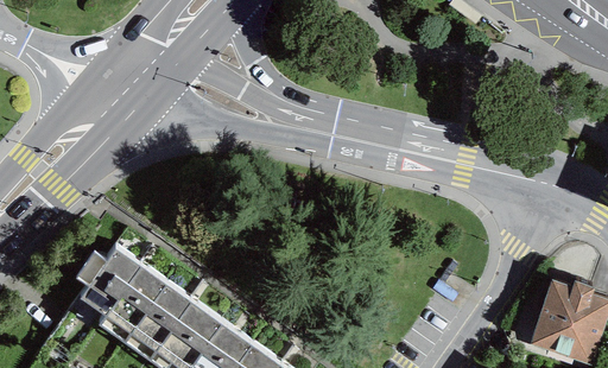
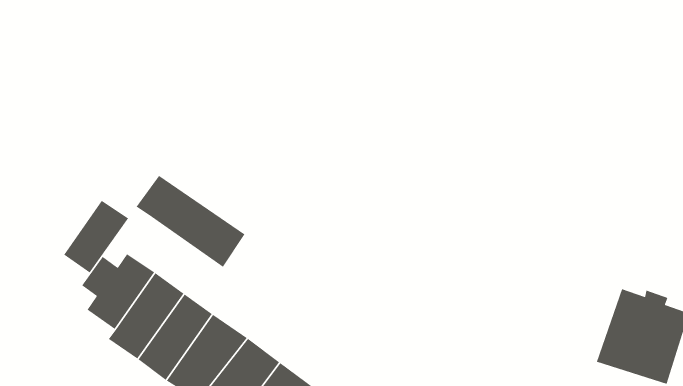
building: none -> [136,175,245,268]
building: none -> [63,200,129,274]

